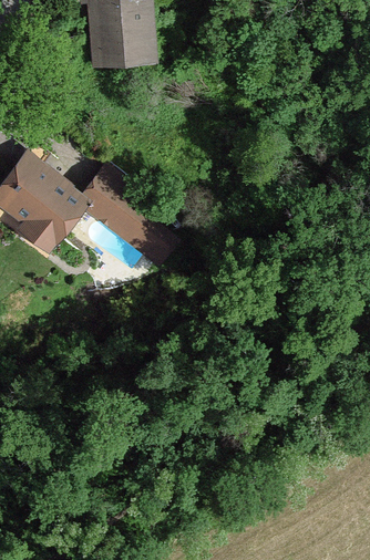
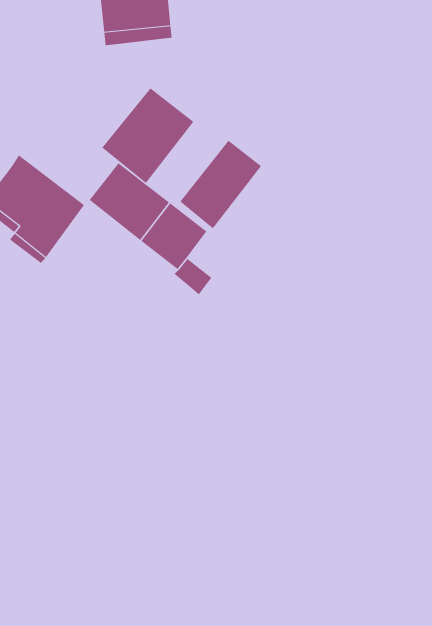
building: none -> [102,87,194,184]
building: none -> [179,140,262,229]

